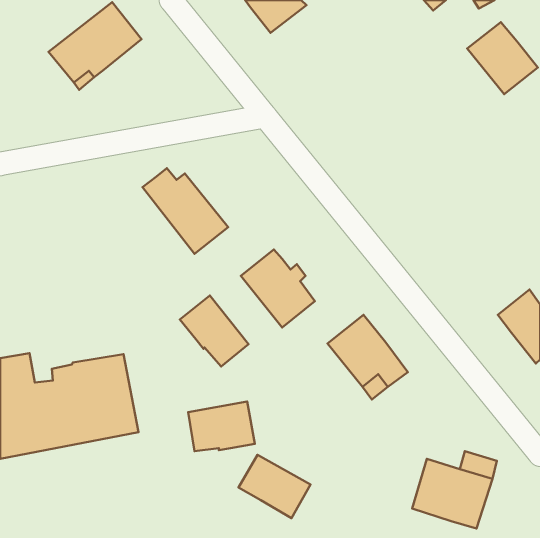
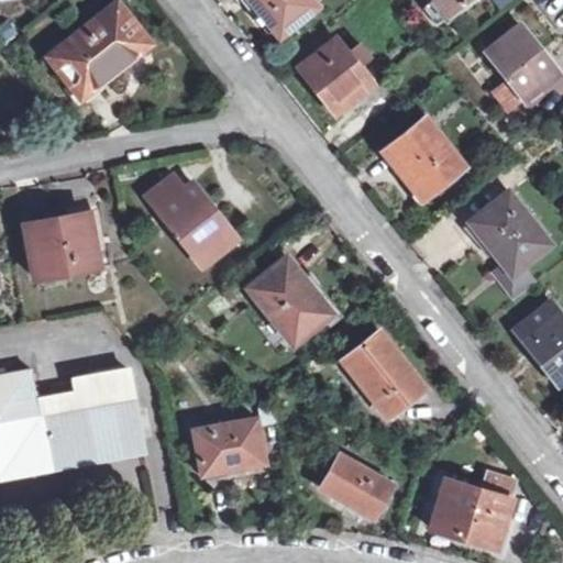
building: none -> [306,44,371,111]
building: none -> [387,121,464,199]
building: none -> [474,196,552,299]
building: none -> [25,214,100,278]
building: [180,296,248,367] -> none
building: [239,455,310,518] -> [320,454,395,520]

